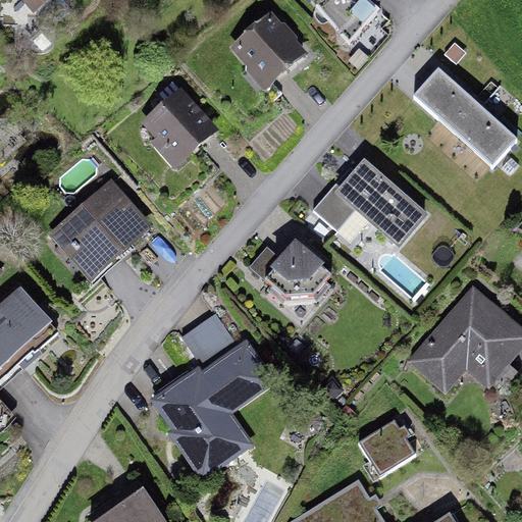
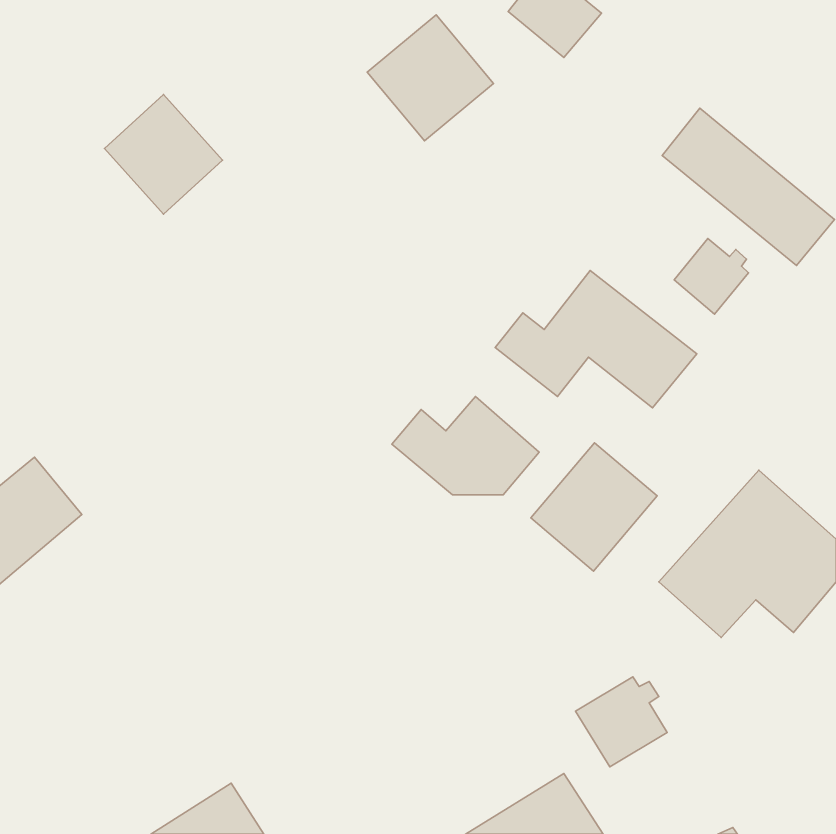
building: [143,87,216,161] -> [104,95,222,214]
building: none -> [674,239,749,314]
building: [49,177,153,279] -> none
building: none -> [531,443,657,571]
building: [147,313,277,479] -> none

